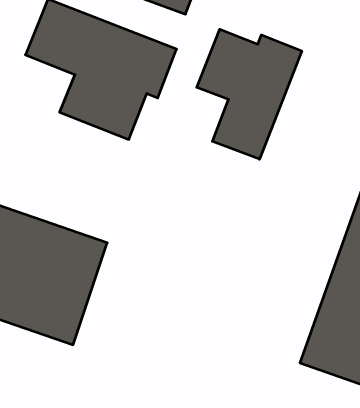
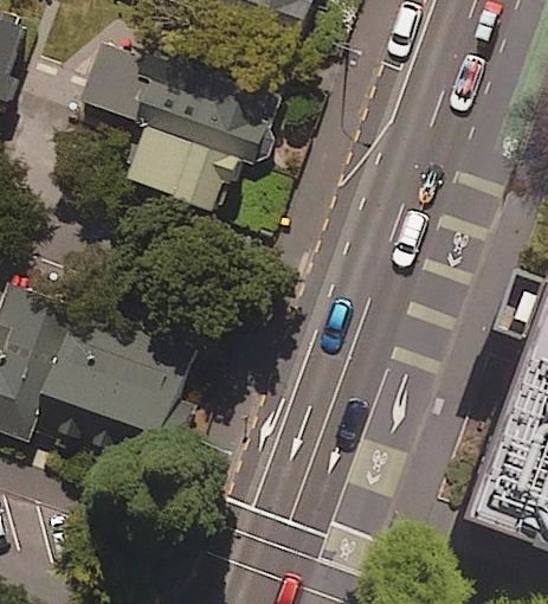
building: [197,29,302,159] -> none

